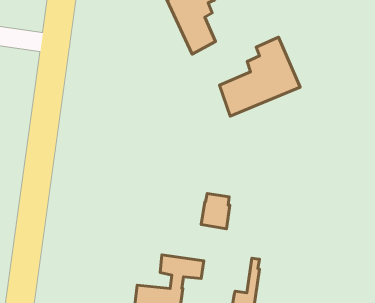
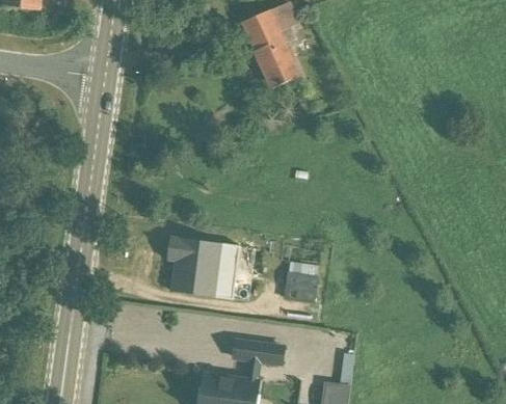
building: [219,37,300,116] -> none
building: none -> [165,237,238,300]

